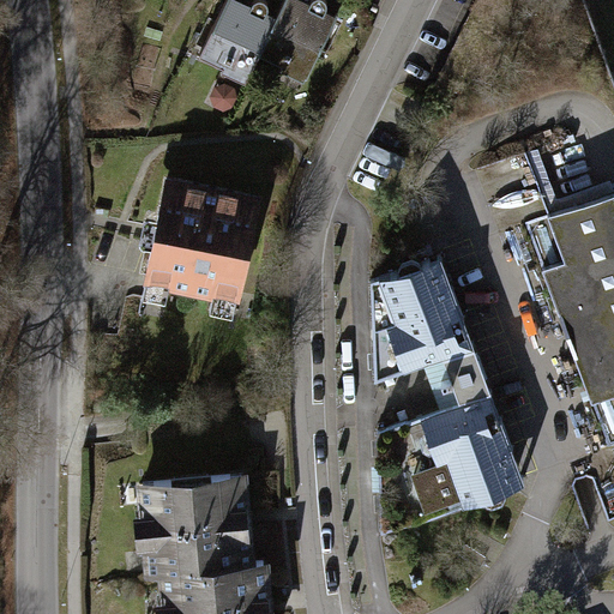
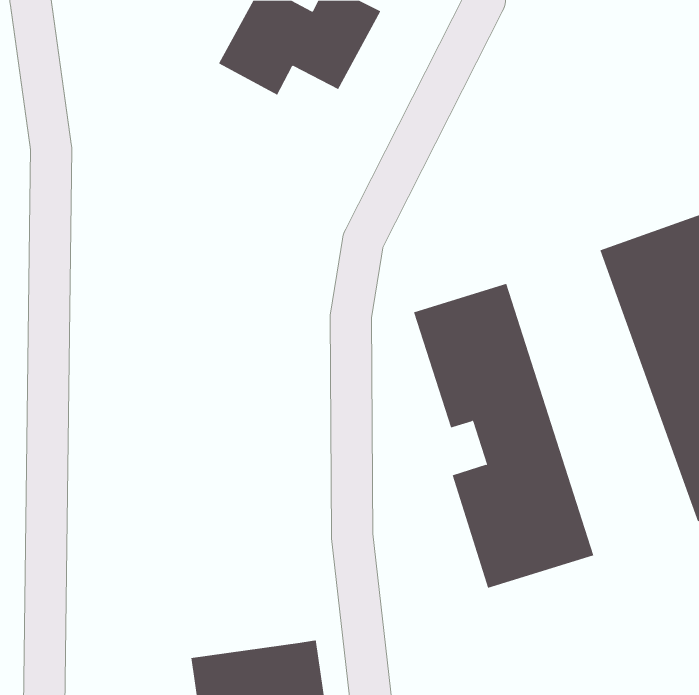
building: [139,187,258,306] -> none
building: [145,477,266,582] -> none

